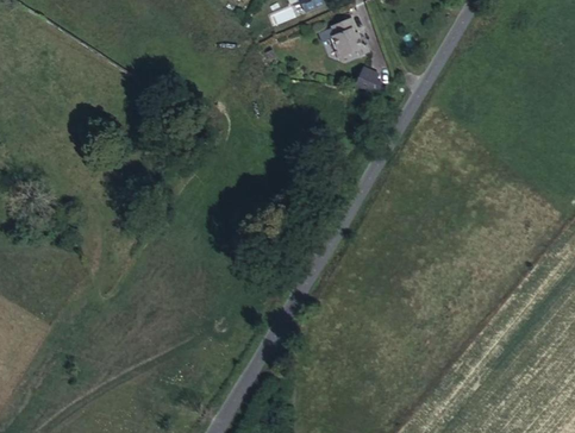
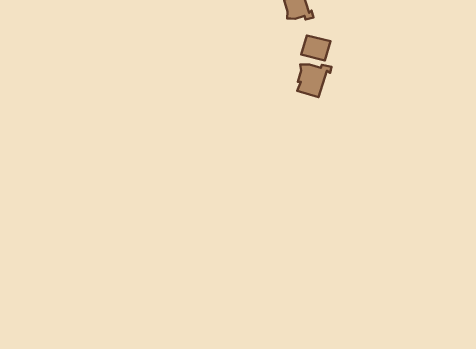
building: none -> [297,64,332,97]

